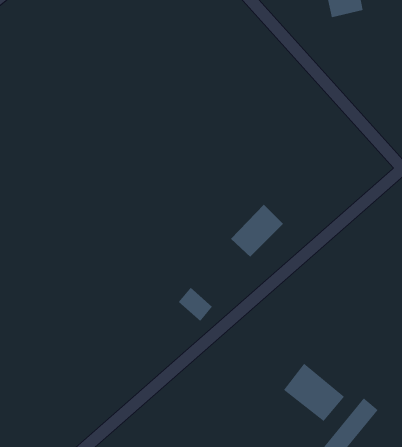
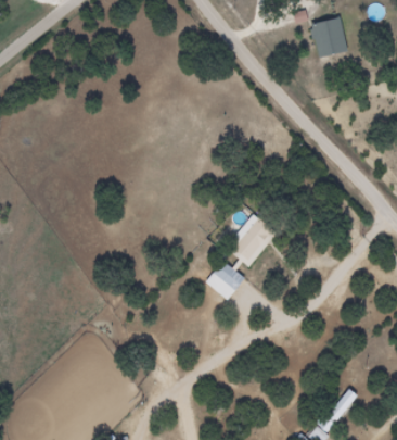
building: [178,287,213,322] -> [213,261,243,291]
building: [283,363,345,422] -> none

